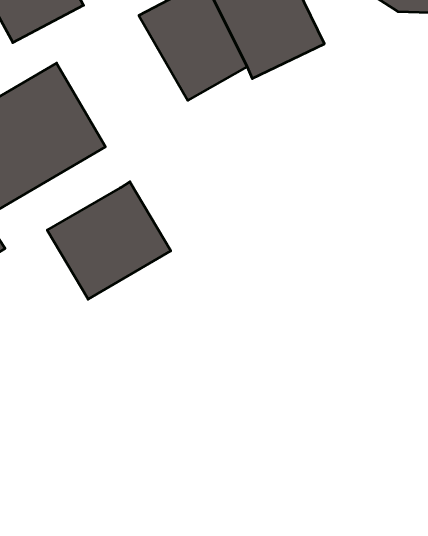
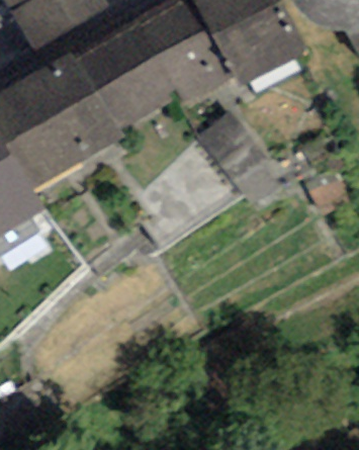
building: none -> [63,25,166,128]
building: [47,182,171,299] -> none

